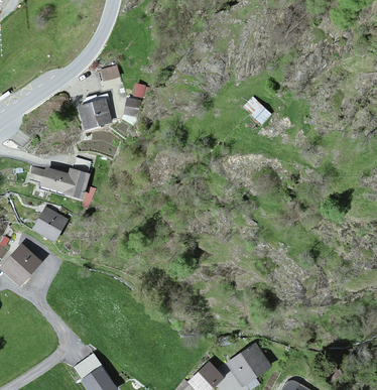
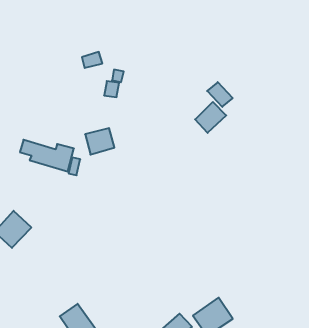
building: [78,100,111,130] -> [85,128,114,155]
building: none -> [195,102,226,133]
building: [32,207,67,241] -> none

